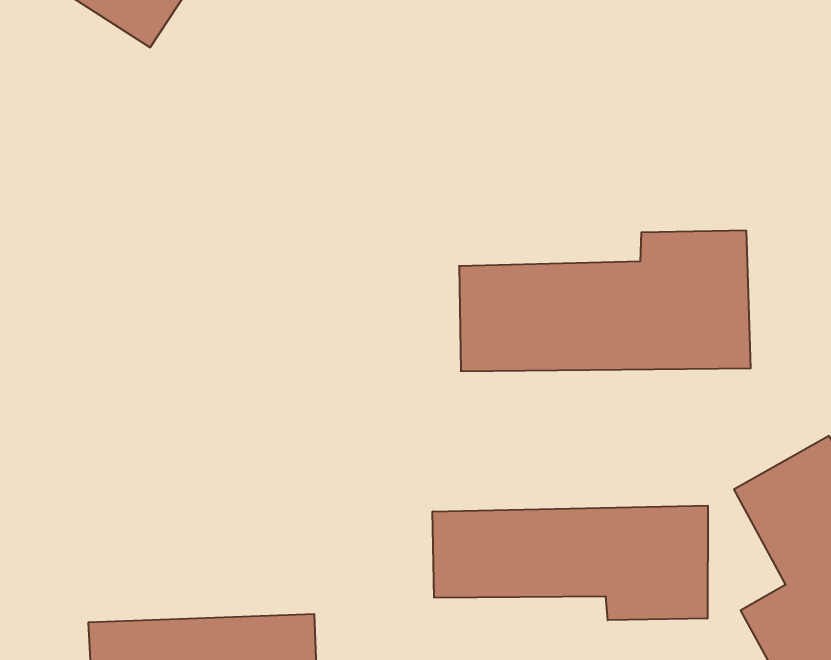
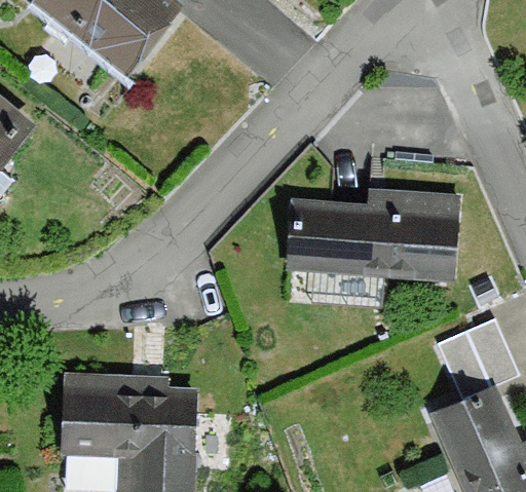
building: [433,506,708,620] -> none

